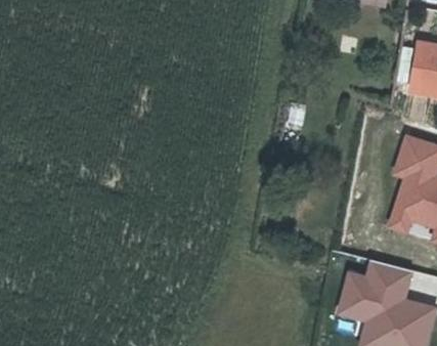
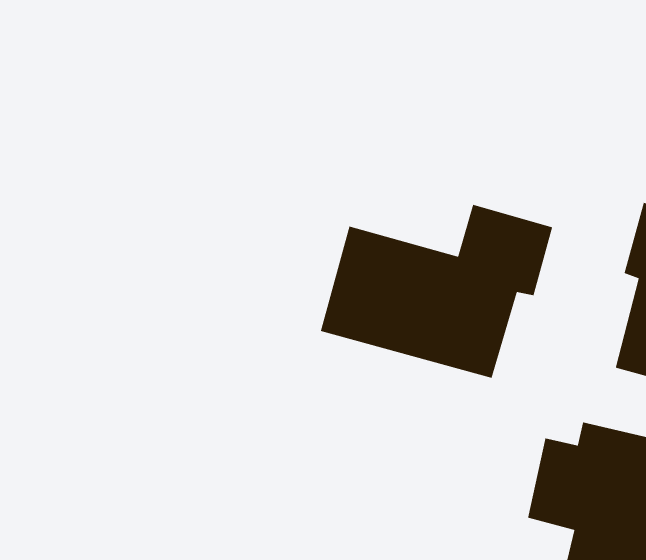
building: none -> [320,204,553,379]

